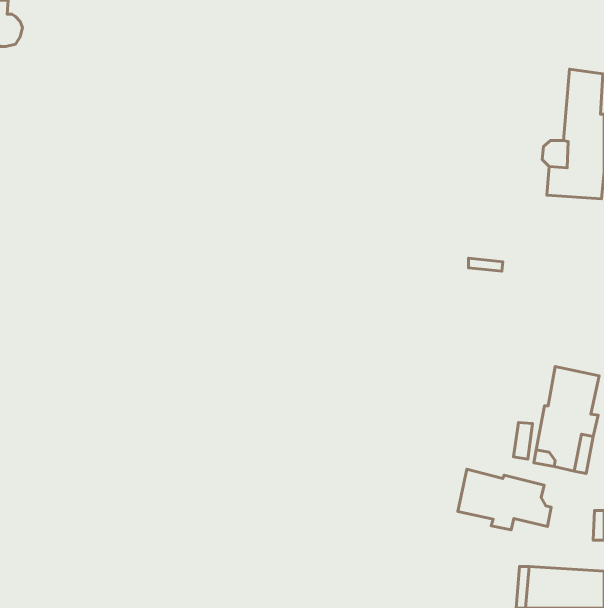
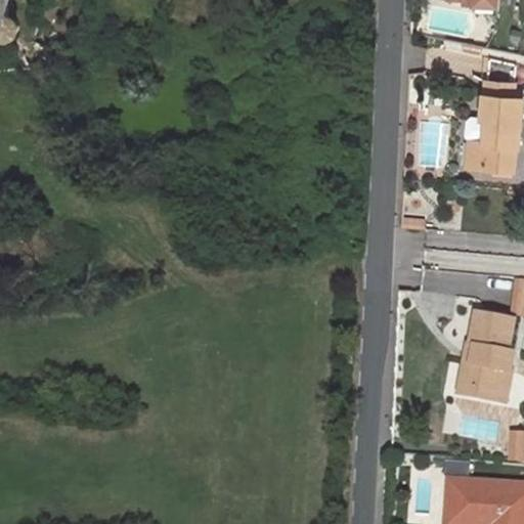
building: [458,469,551,530] -> none

